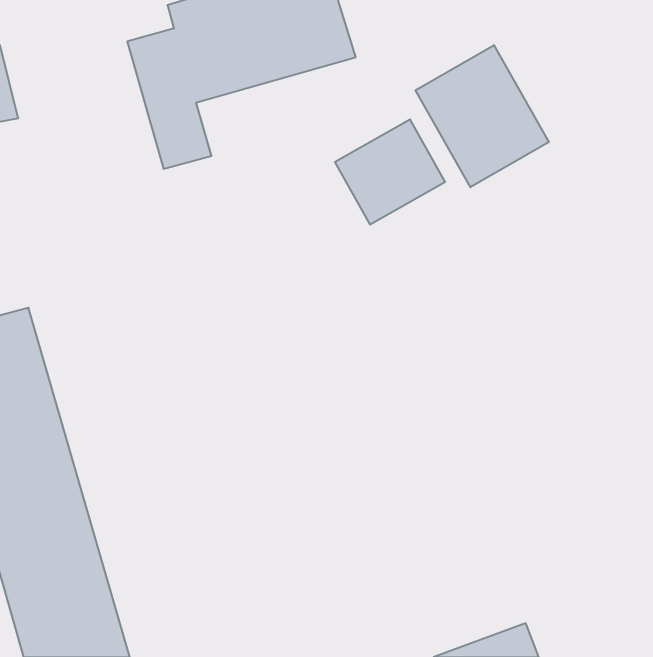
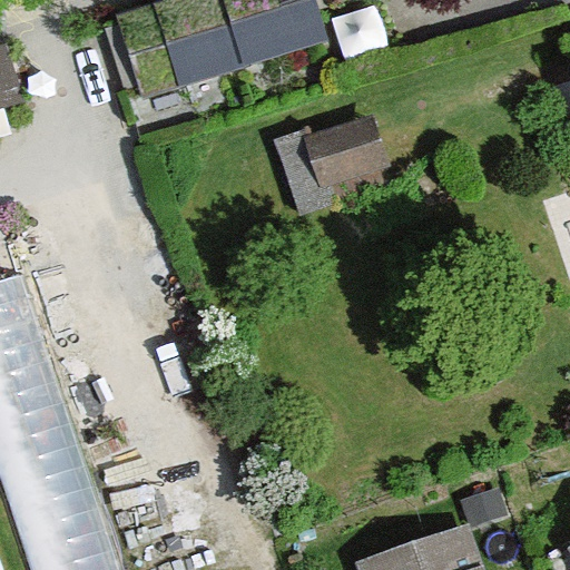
building: [415,45,549,187] -> none

